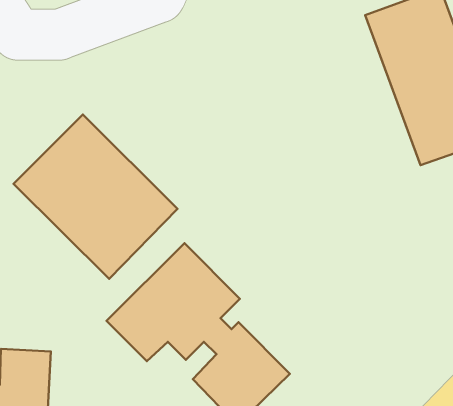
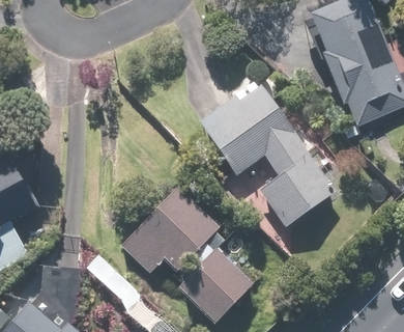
building: none -> [203,82,333,225]
building: [13,114,178,279] -> none

